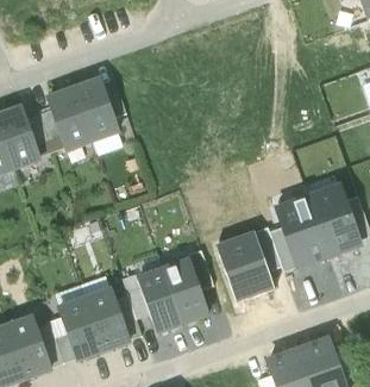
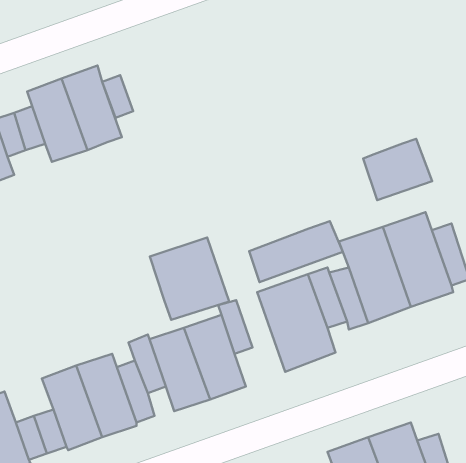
building: none -> [363,139,432,200]
building: none -> [249,221,343,282]
building: none -> [150,238,229,320]

